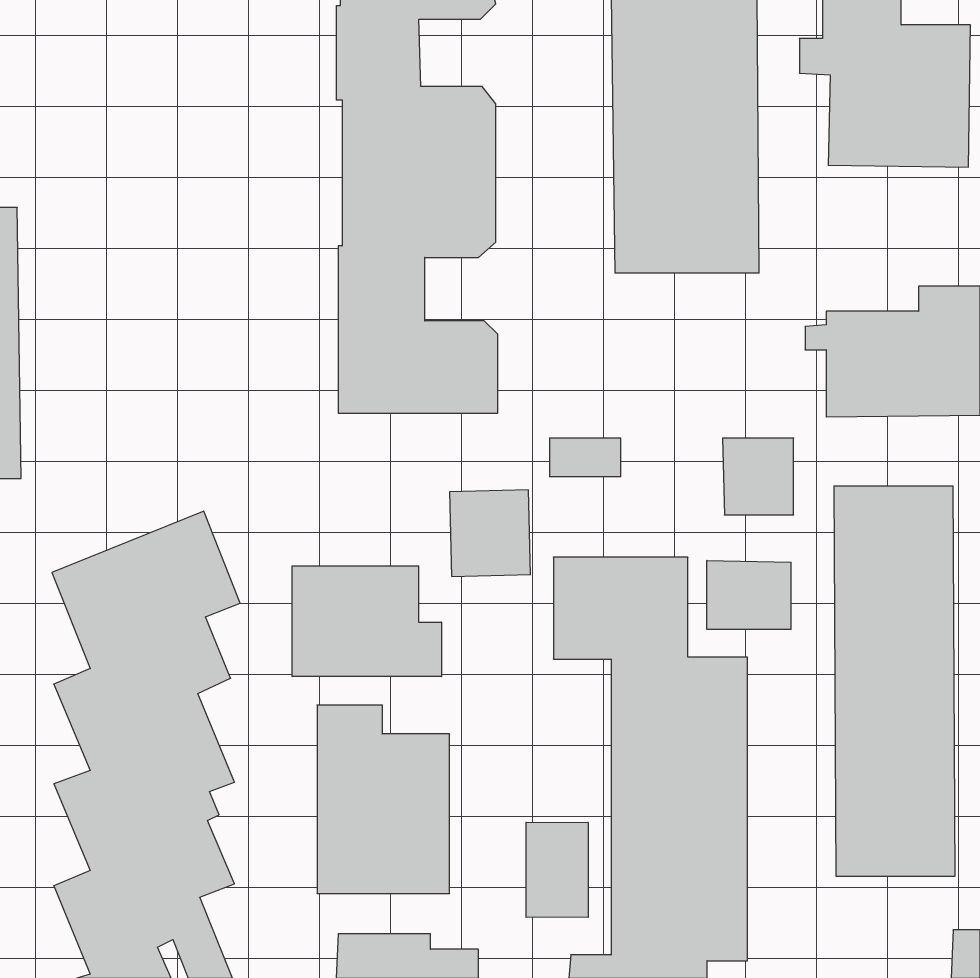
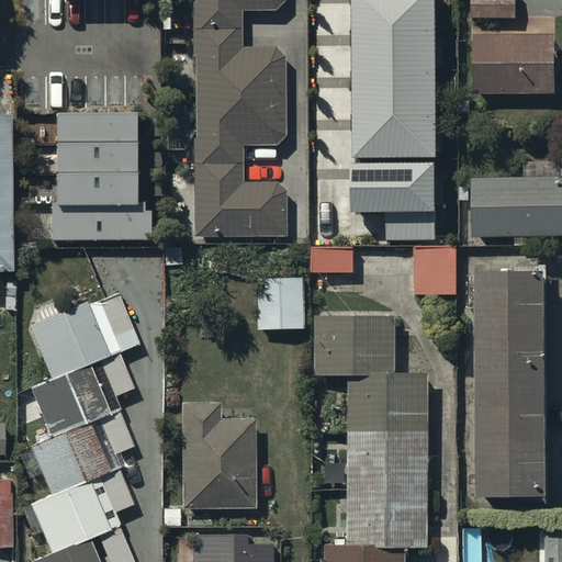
building: none -> [50,110,150,238]
building: none -> [349,160,434,238]
building: [707,560,791,629] -> none
building: [292,566,441,677] -> none
building: [526,822,588,917] -> none

